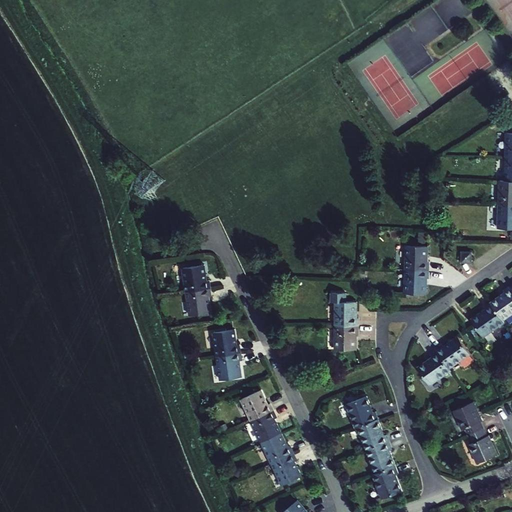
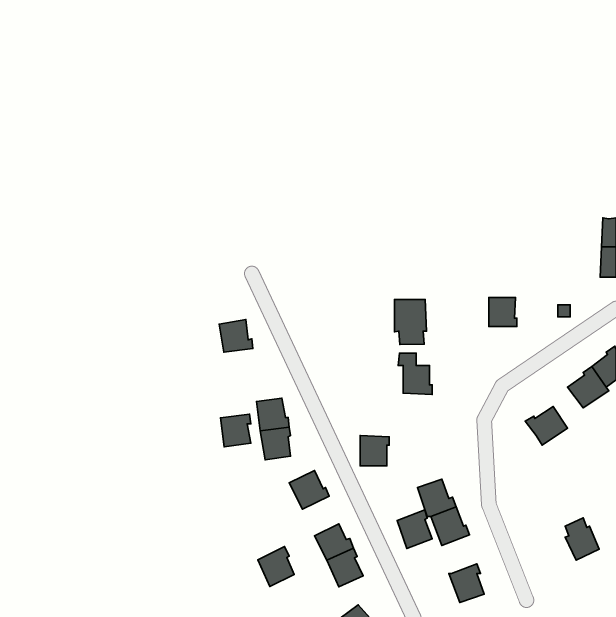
building: none -> [394,300,426,344]
building: [403,271,427,295] -> none
building: [185,289,210,316] -> [221,414,251,447]
building: [333,326,357,351] -> [360,436,389,466]
building: [415,349,450,386] -> none
building: [452,402,482,436] -> none
building: [250,411,280,444] -> [258,547,294,587]
building: [365,443,394,475] -> [397,510,432,548]

